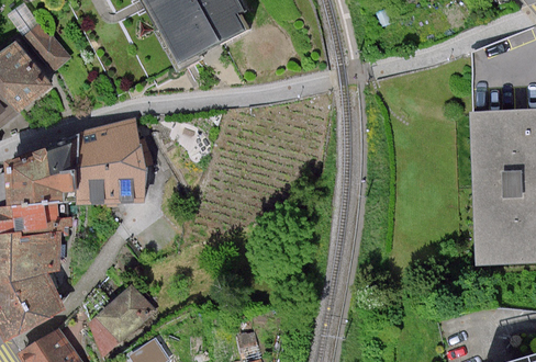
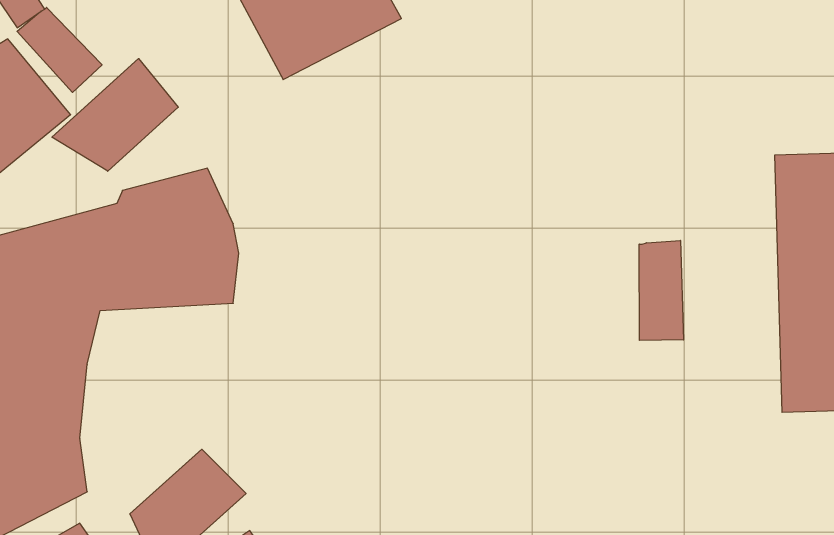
building: none -> [52,59,178,171]
building: none -> [639,240,683,340]

